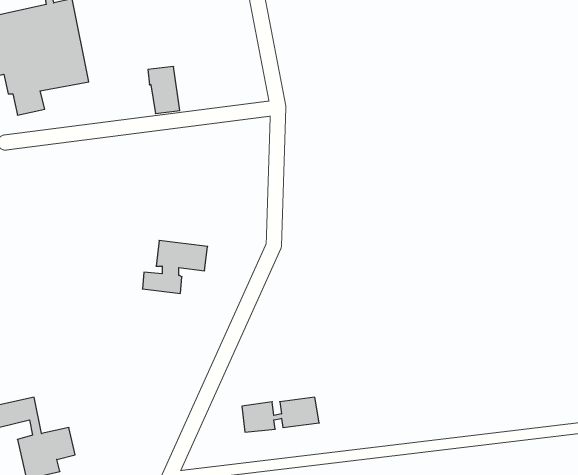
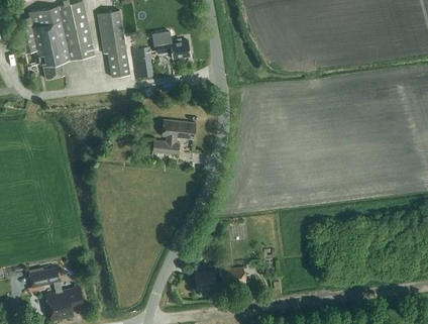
building: none -> [96,9,128,77]
building: none -> [151,36,191,58]
building: [142,240,208,293] -> [152,118,196,153]

